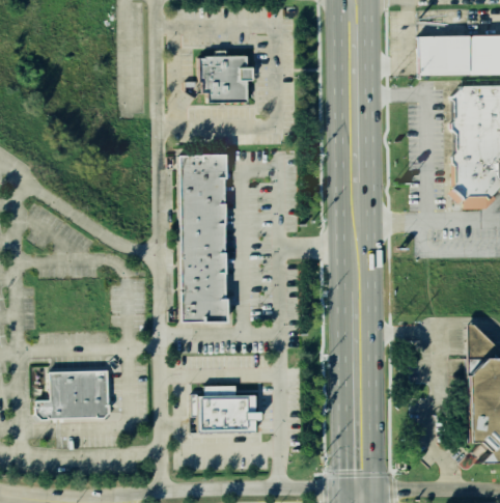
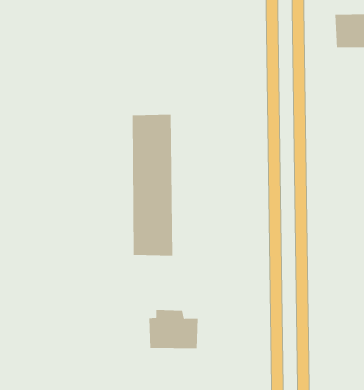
building: [199,54,256,104] -> none
building: [33,369,111,421] -> none

